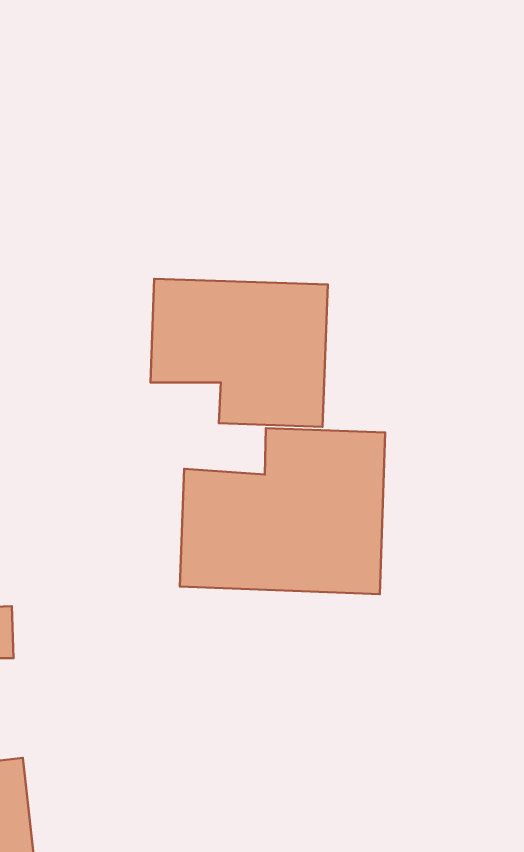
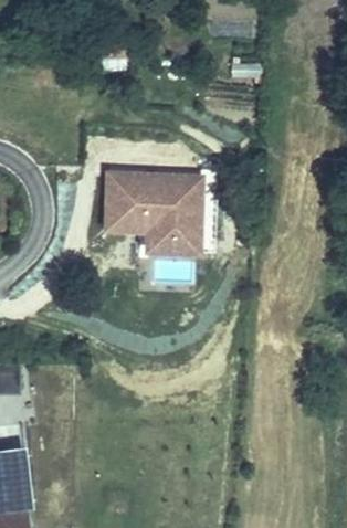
building: [180,428,385,594] -> none

